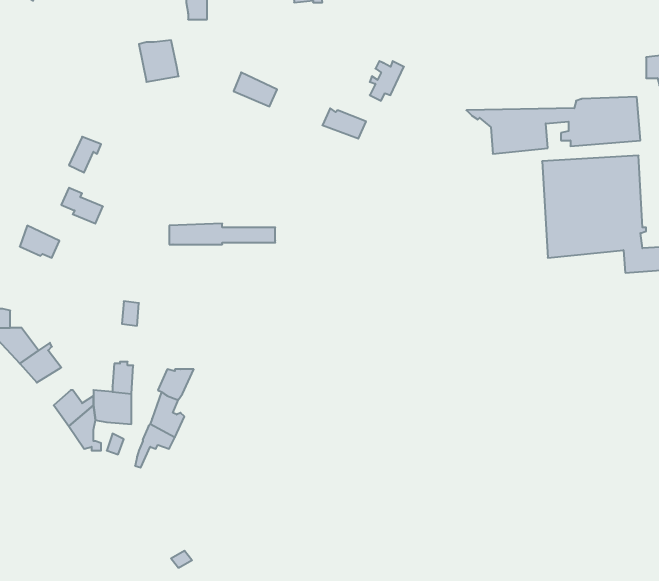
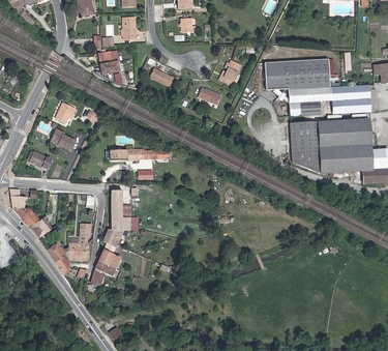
building: none -> [264,54,338,89]
building: none -> [290,117,320,170]
building: none -> [115,192,133,231]

